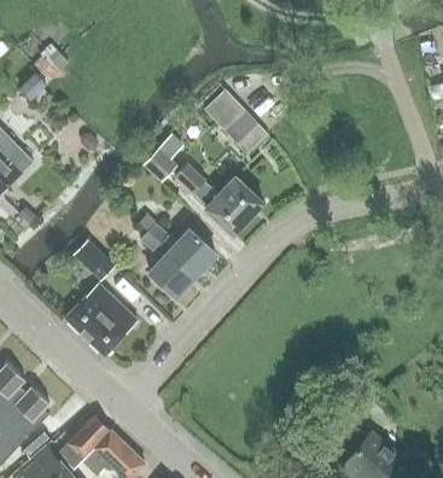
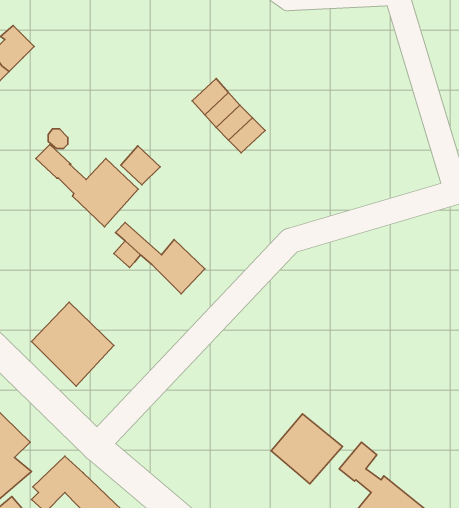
building: [174,163,262,234] -> [36,144,138,227]
building: [72,239,113,280] -> none
building: [148,250,194,297] -> none
building: none -> [271,414,342,484]

